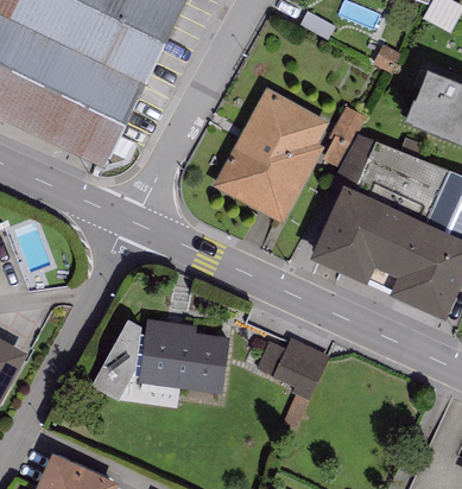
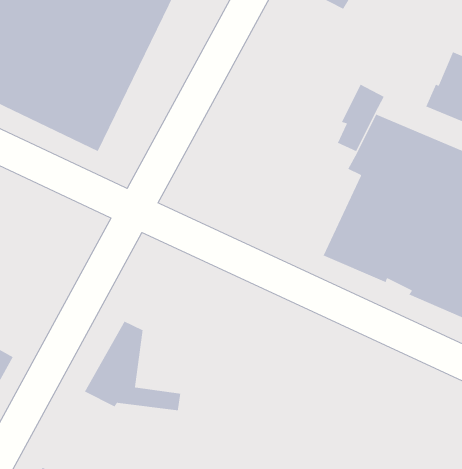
building: [213,87,328,222] -> none
building: [138,318,229,392] -> none
building: [257,336,329,399] -> none

